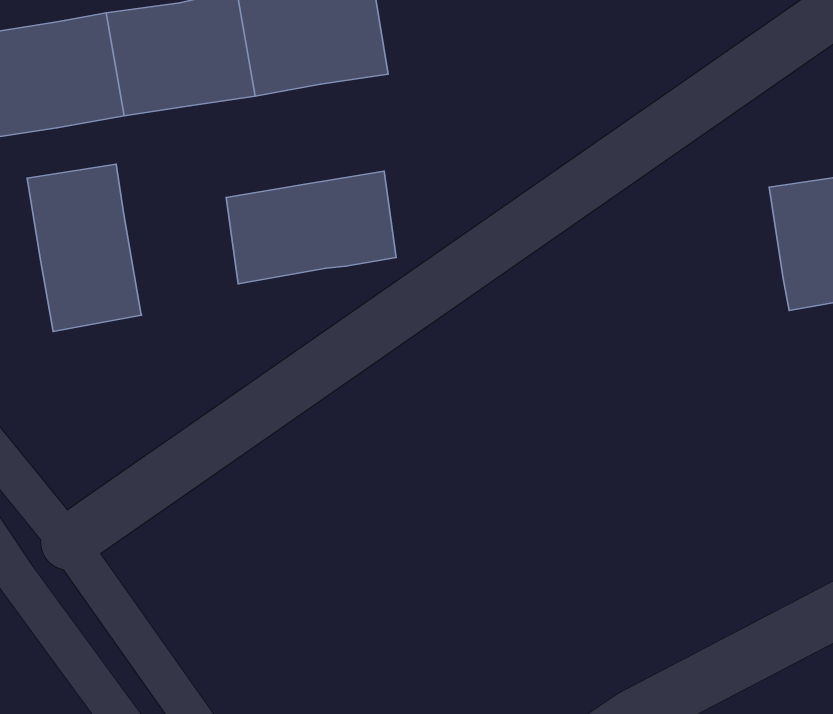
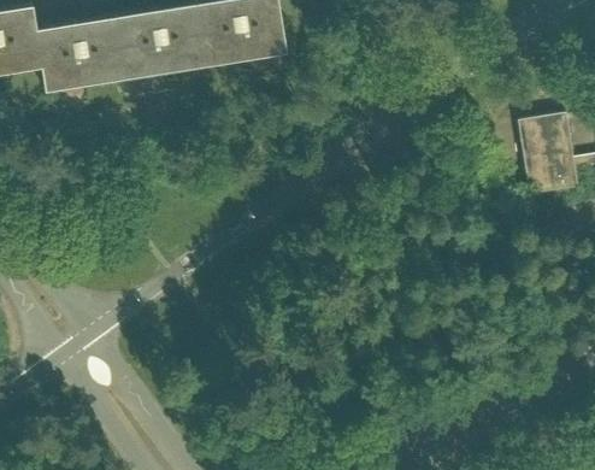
building: [27,164,142,331] -> none
building: [226,171,396,284] -> none

